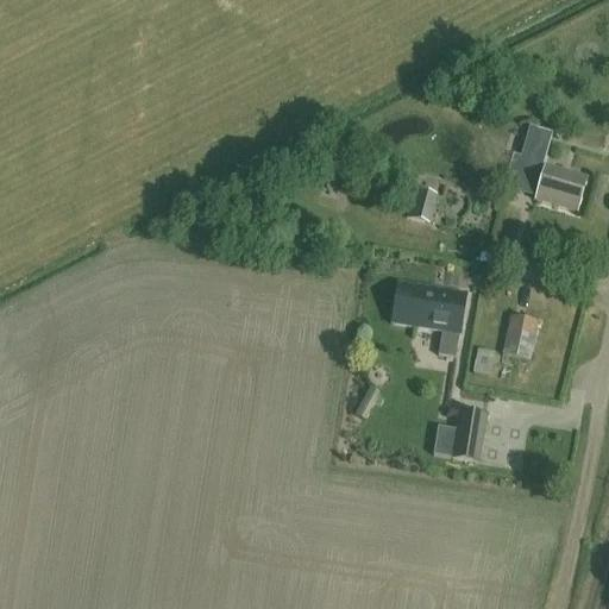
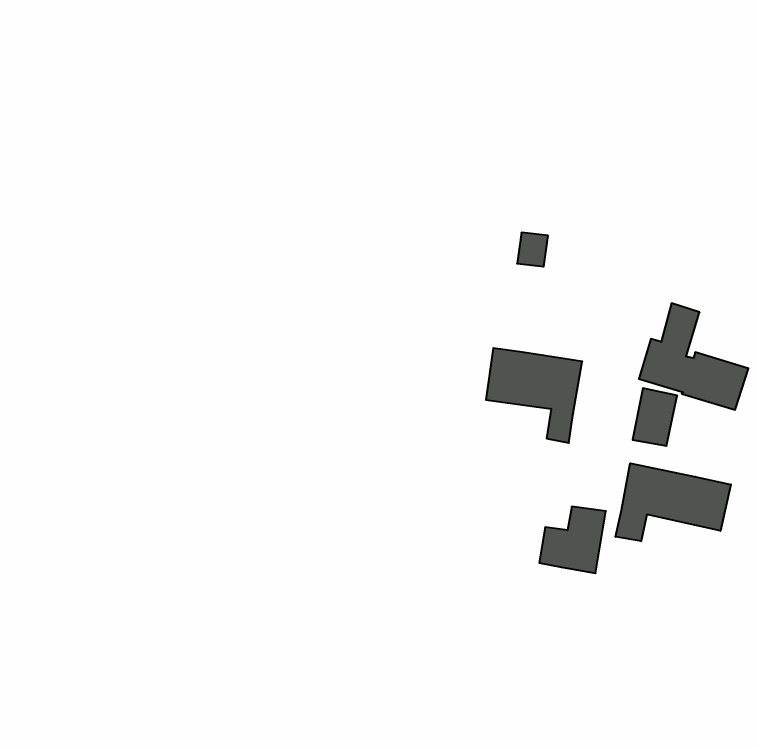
building: [503,123,591,208] -> [639,303,748,410]
building: none -> [616,463,731,541]

